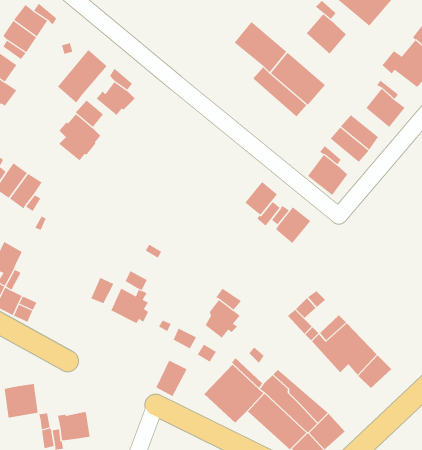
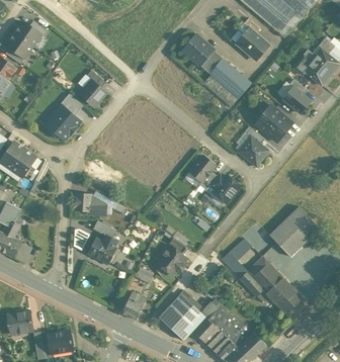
building: [57,49,107,104] -> none
building: none -> [76,194,106,214]
building: none -> [269,206,320,257]

